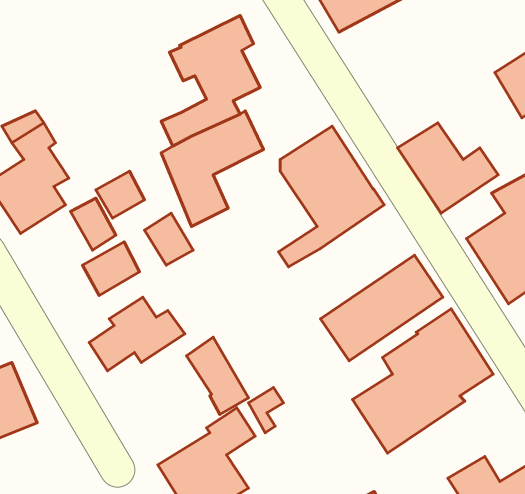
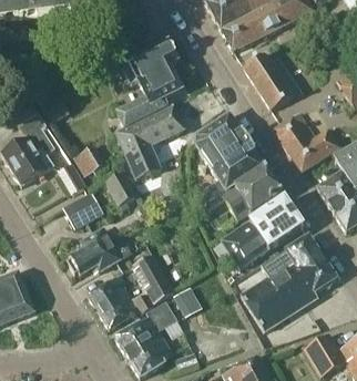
building: none -> [243,53,290,107]
building: none -> [200,165,280,220]
building: none -> [88,276,154,328]

